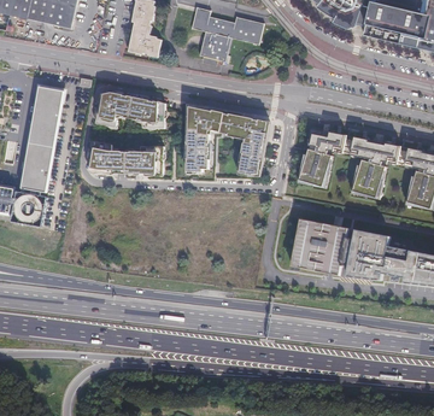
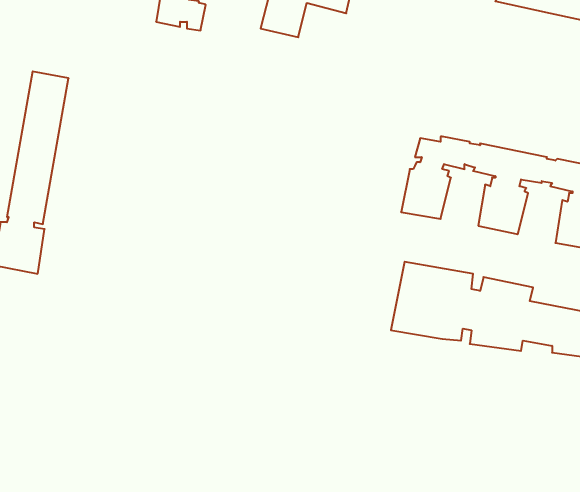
building: [95,90,164,127] -> none
building: [186,104,269,176] -> none
building: [88,139,163,172] -> none

